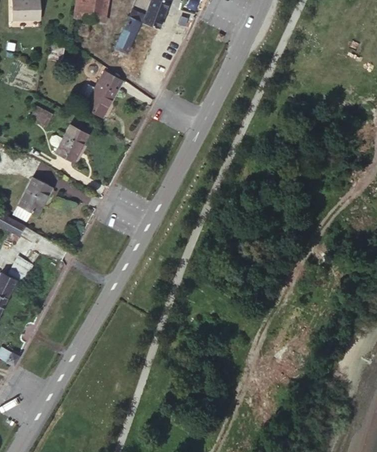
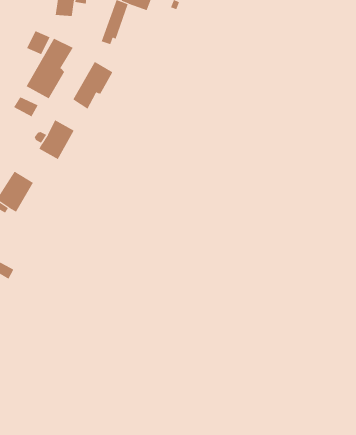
building: none -> [26,38,74,99]

